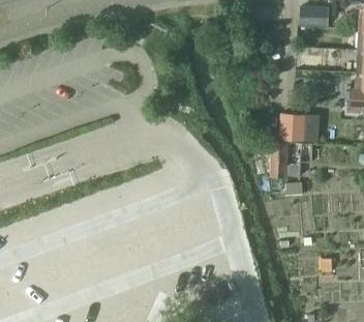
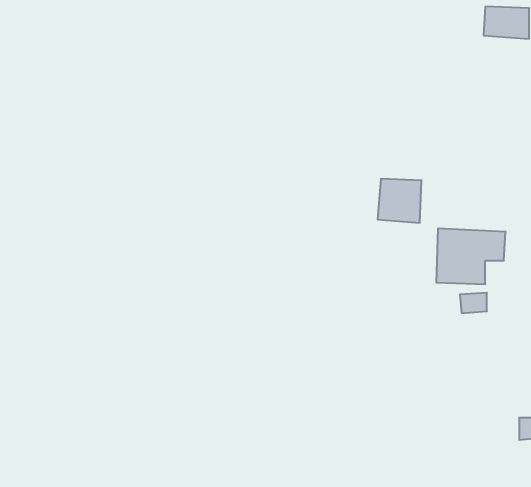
building: [278,114,305,141] -> [378,179,422,223]

